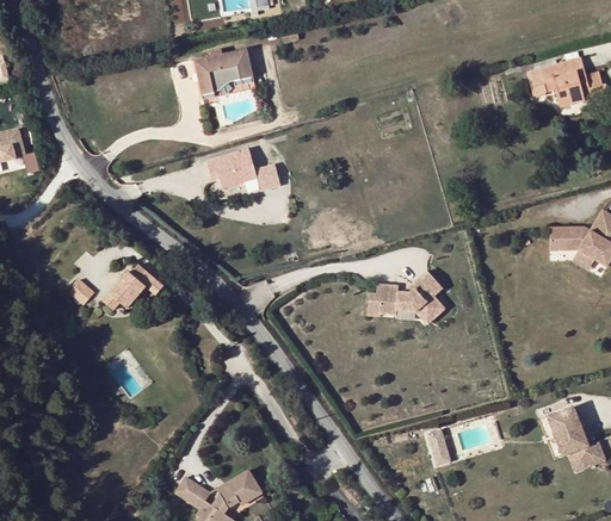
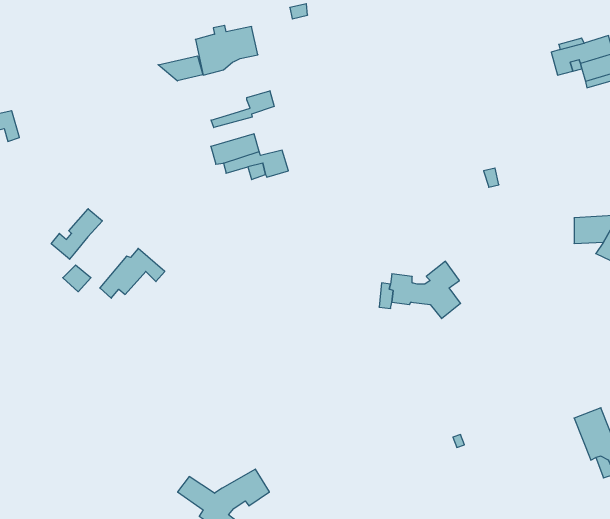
building: none -> [158,56,203,81]
building: none -> [211,91,274,128]
building: none -> [51,209,102,259]

